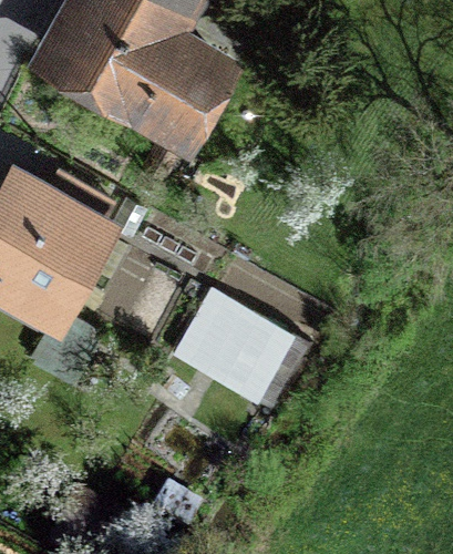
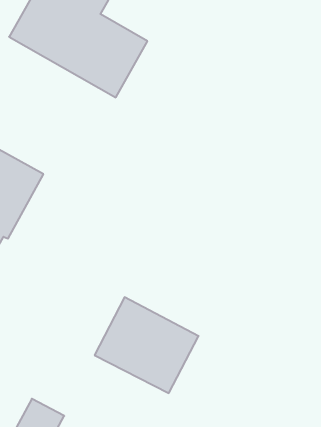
building: [174,288,301,406] -> [95,297,199,393]

